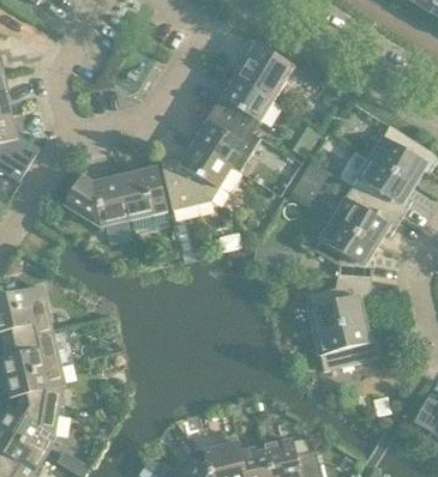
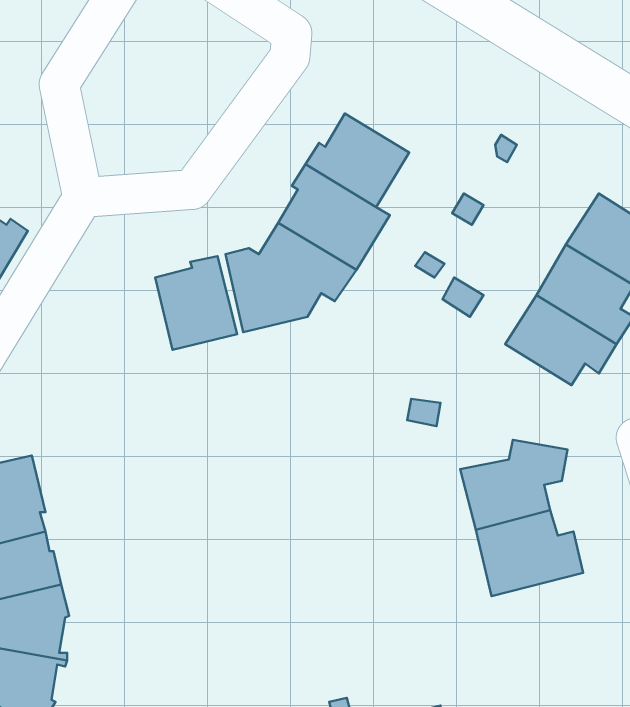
building: [233,41,293,101] -> none
building: [62,171,127,228] -> none
building: [312,218,373,283] -> none

